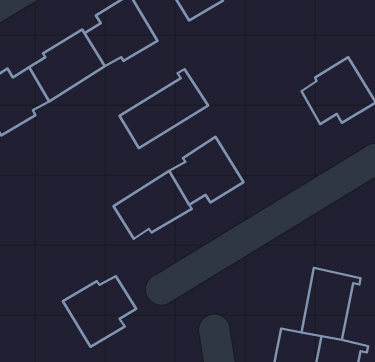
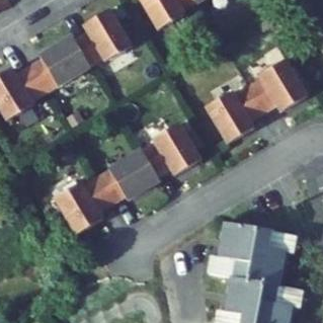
building: [120,69,208,148] -> none
building: none -> [205,85,262,143]
building: none -> [209,221,257,278]
building: [63,276,136,347] -> [54,177,112,234]

